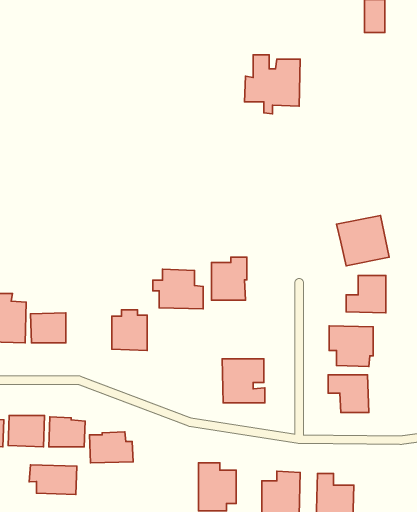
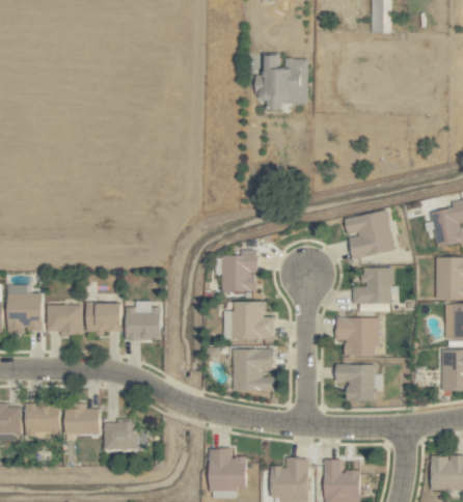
building: [153,269,203,309] -> [224,301,273,339]
building: none -> [86,302,120,333]
building: [29,465,77,495] -> none

